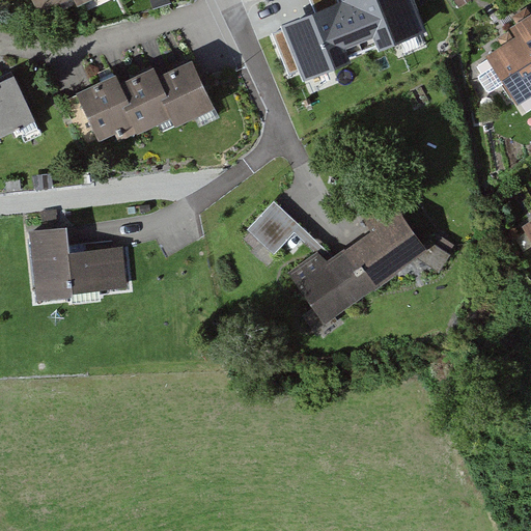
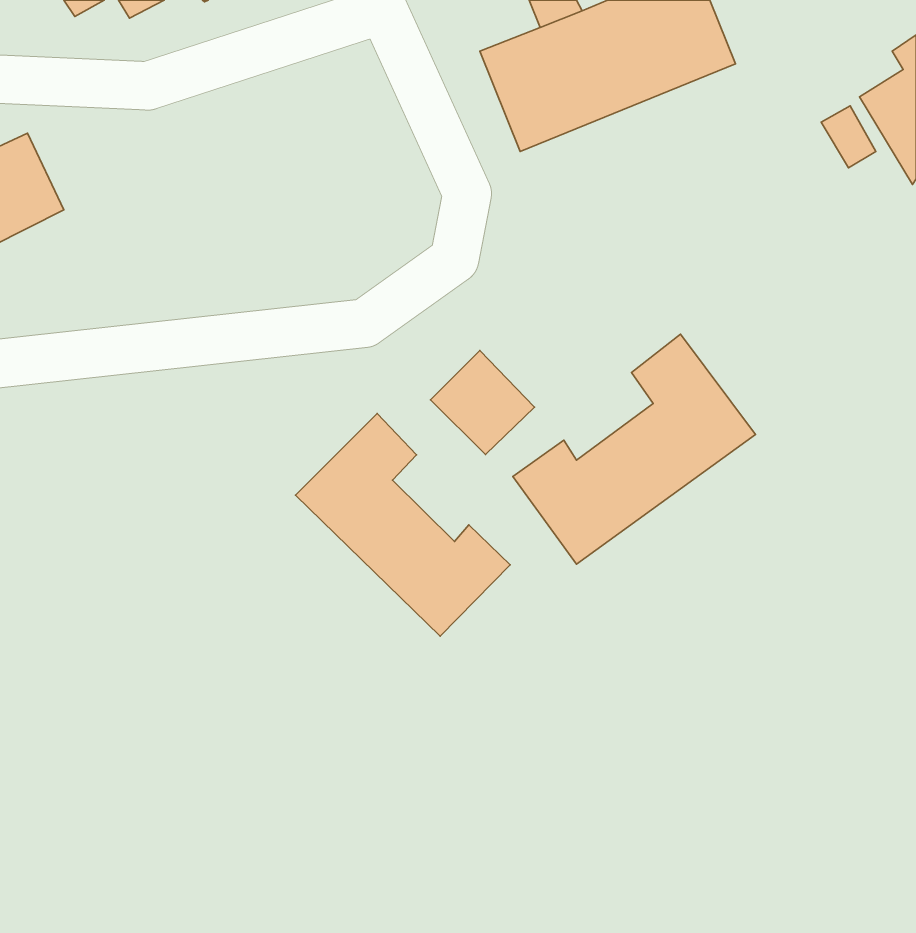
building: [78,60,215,140] -> none
building: [30,228,122,298] -> none
building: none -> [295,414,510,636]

